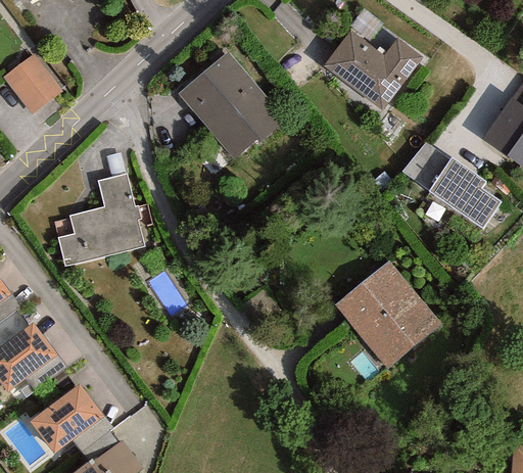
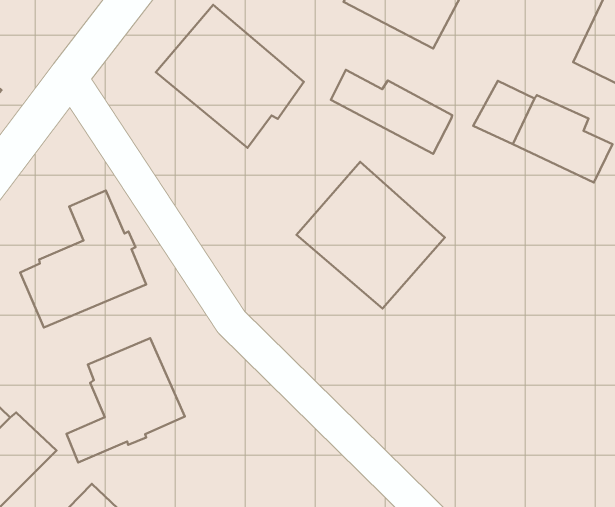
building: none -> [331,70,452,154]
building: [334,259,441,369] -> [297,162,445,308]
building: none -> [66,338,185,462]

